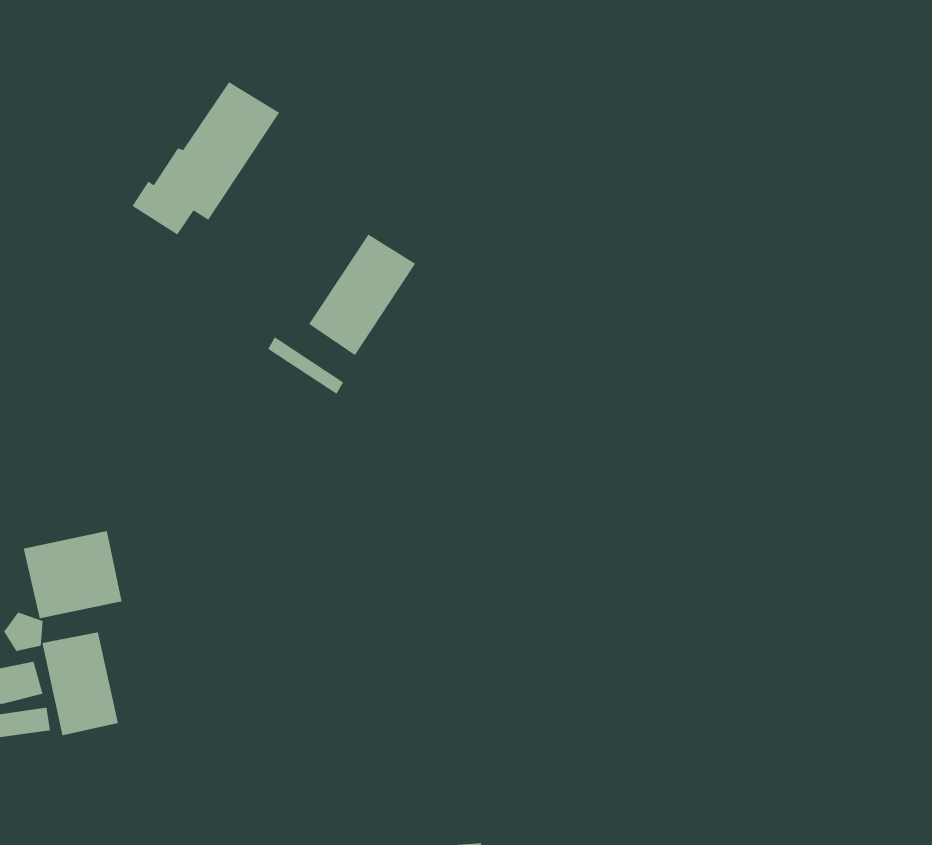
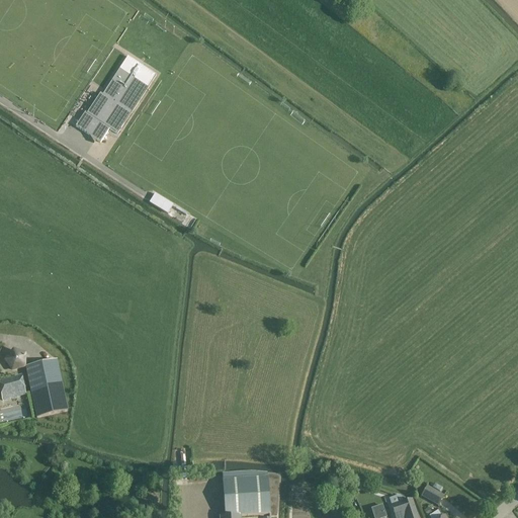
building: [308,233,416,356] -> none
building: [23,530,123,619] -> none

